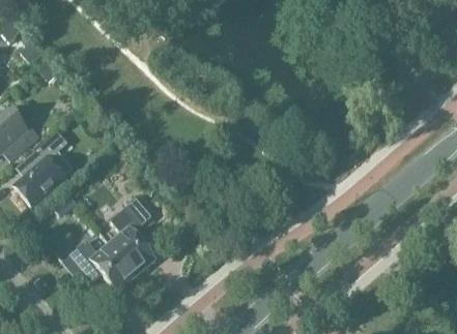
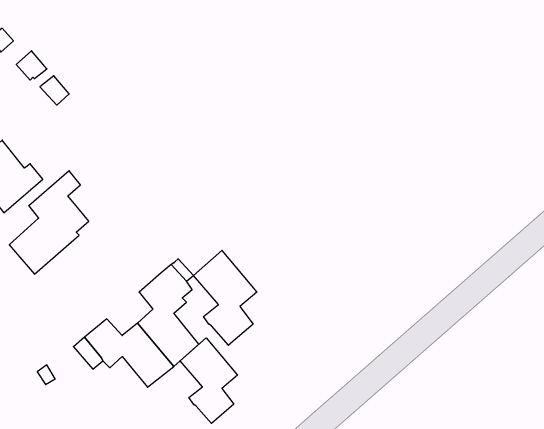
building: none -> [193,250,257,345]
building: none -> [180,338,237,423]

